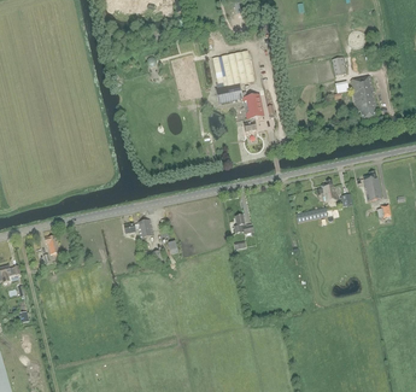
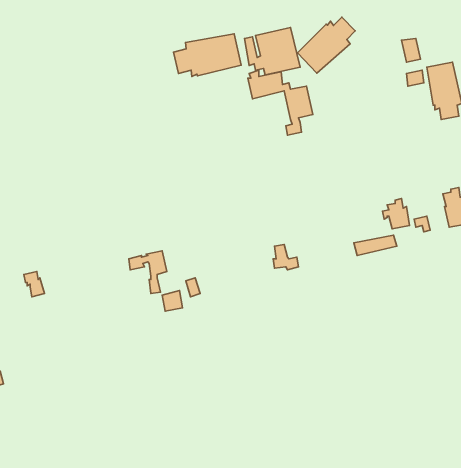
building: none -> [297,17,355,73]
building: none -> [174,34,241,76]

